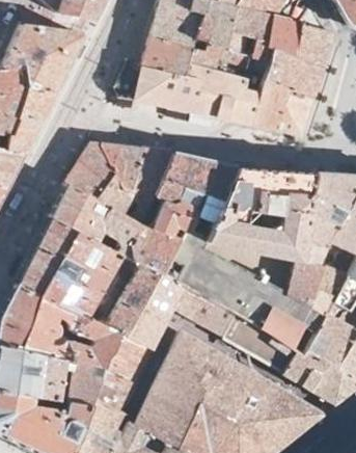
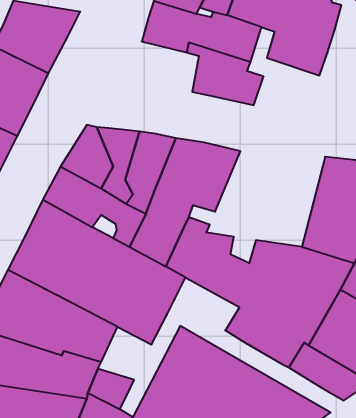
building: [245,50,313,135] -> none
building: [118,58,199,111] -> none
building: [207,167,319,258] -> none
building: [176,287,238,336] -> none
building: [104,334,155,383] -> none

